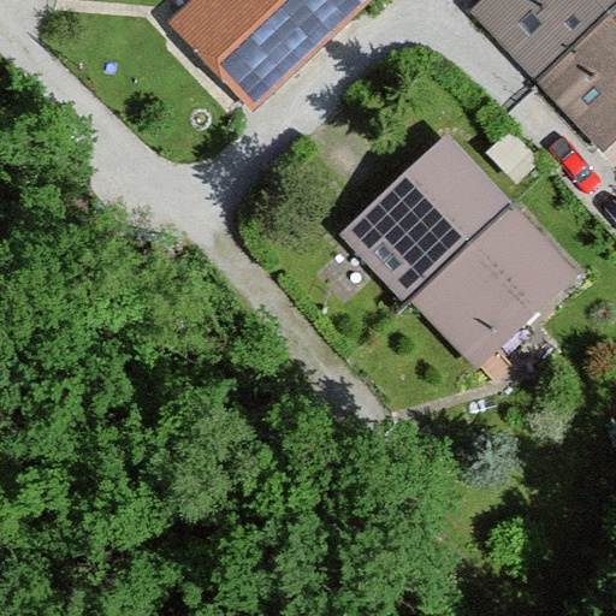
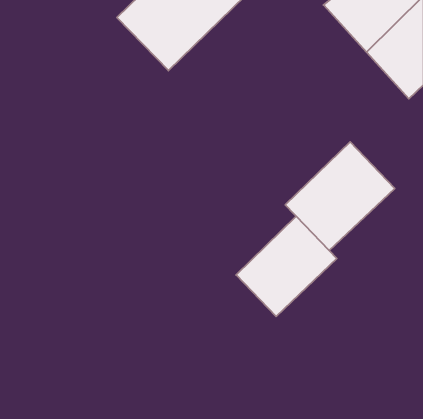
building: [348,137,509,297] -> none
building: none -> [236,216,337,316]

